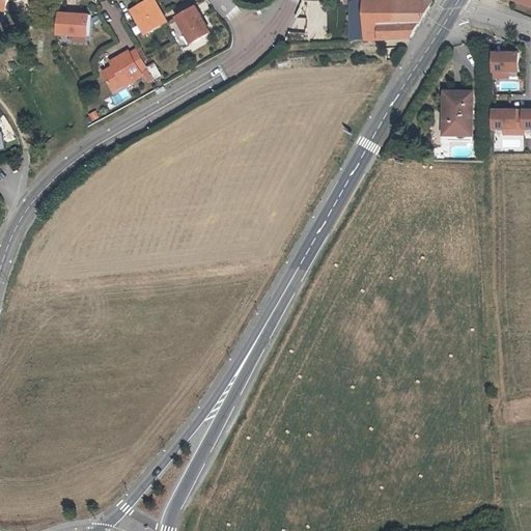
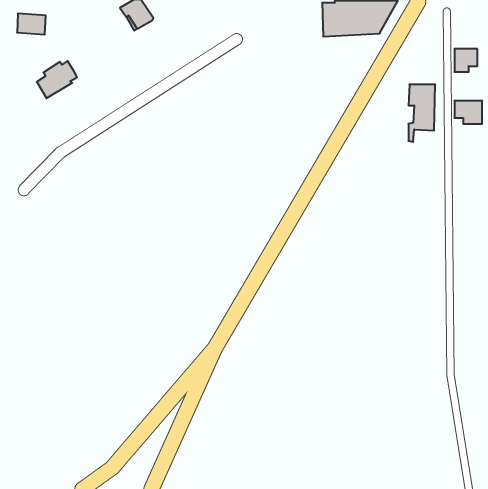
building: [175,4,208,40] -> none
building: [56,12,87,35] -> [17,13,46,35]
building: [102,49,145,89] -> [37,61,77,98]

